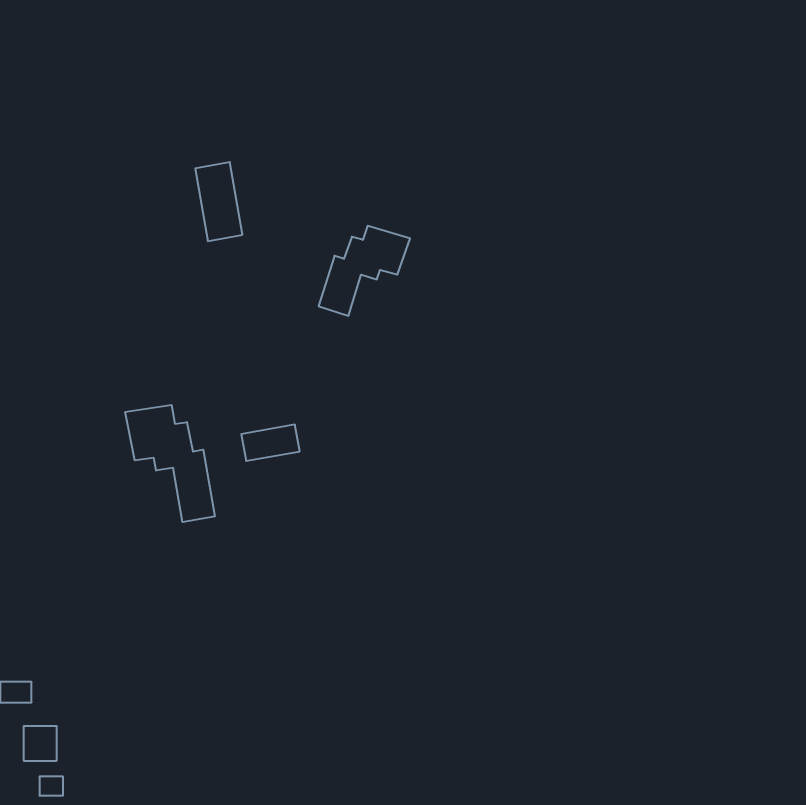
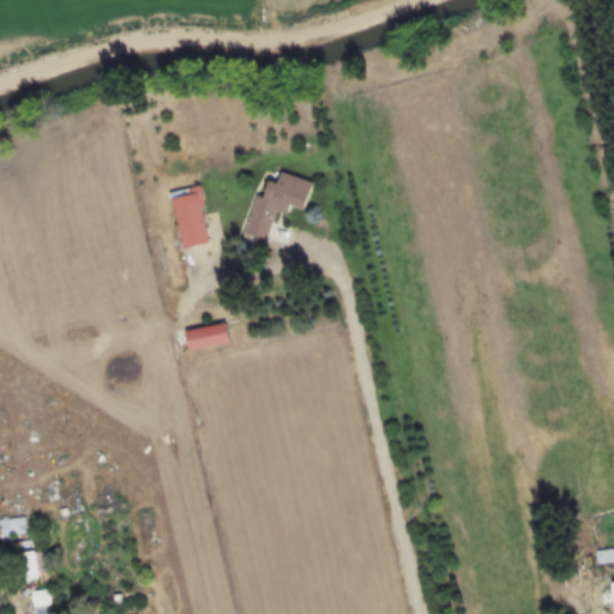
building: [195,162,242,241] -> [171,188,207,248]
building: [125,405,215,522] -> none

